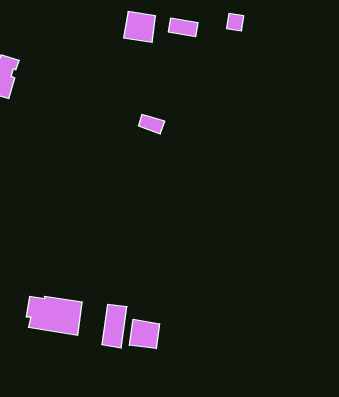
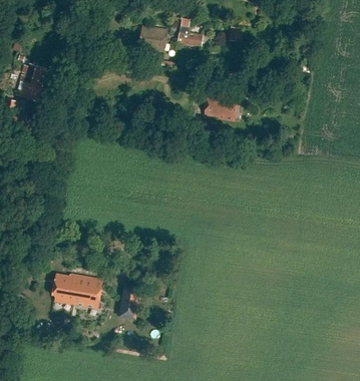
building: none -> [203,95,239,122]
building: [129,319,159,349] -> none

